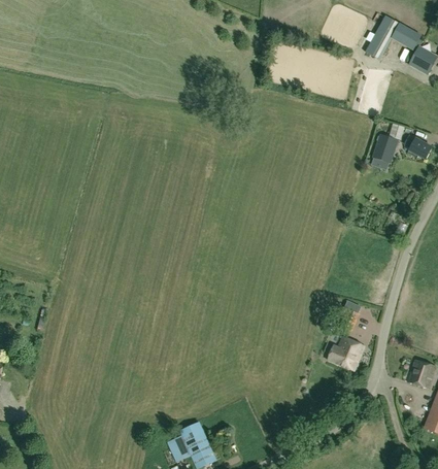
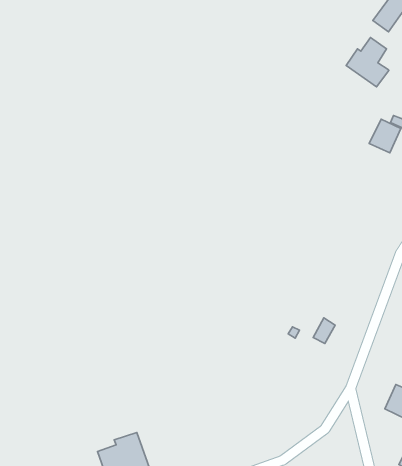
building: none -> [346,37,389,87]
building: [328,336,364,370] -> none

